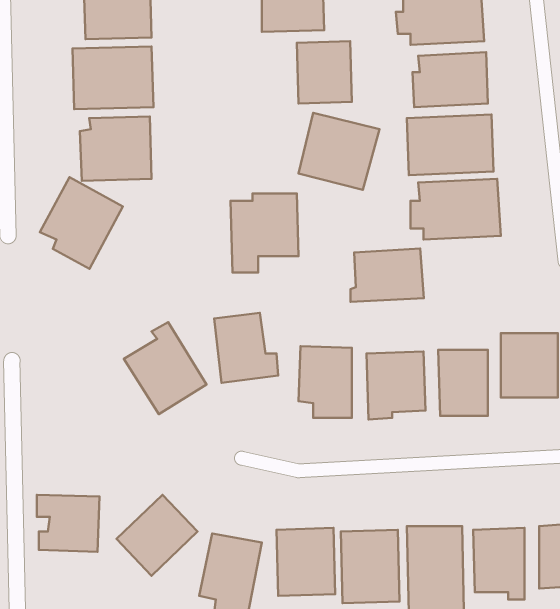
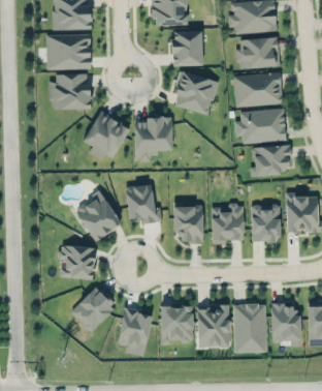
building: [40,177,123,269] -> [83,111,129,162]
building: [350,249,424,302] -> [250,145,291,175]
building: [37,495,99,552] -> [59,246,94,278]

